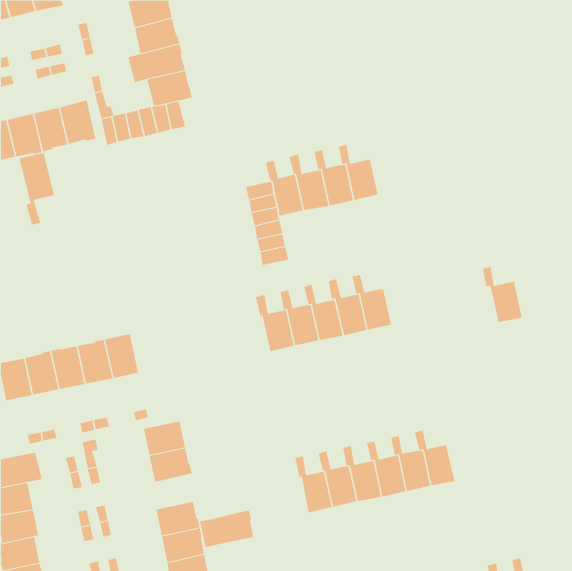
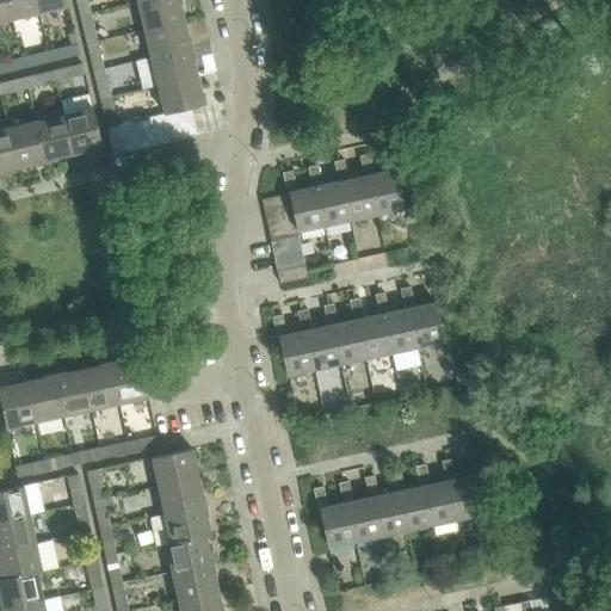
building: [19,152,55,225] -> none
building: [482,267,522,322] -> [401,288,444,347]
building: [199,510,254,548] -> [152,506,210,547]

